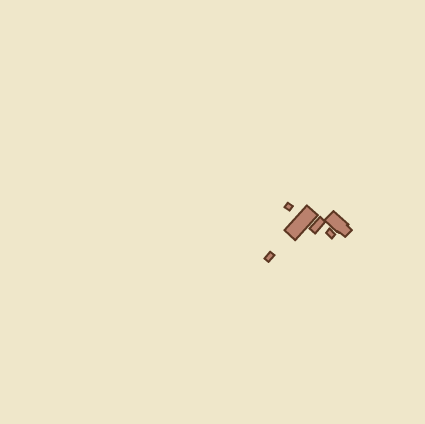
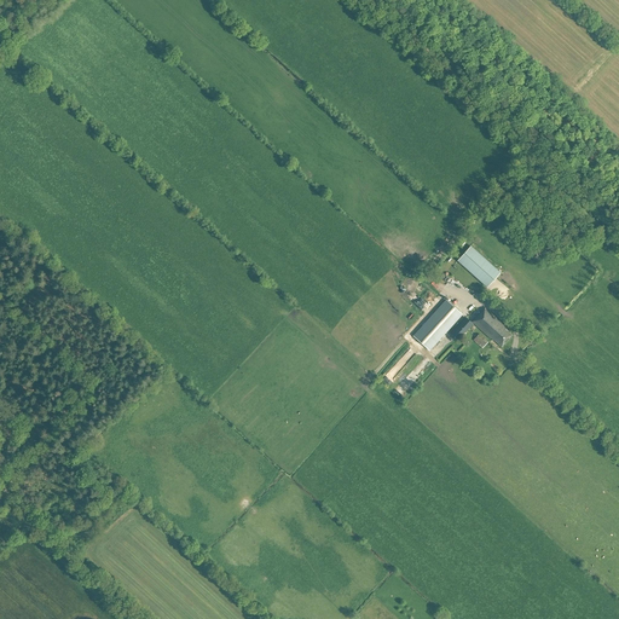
building: none -> [457,245,499,285]

